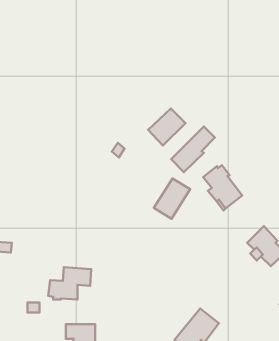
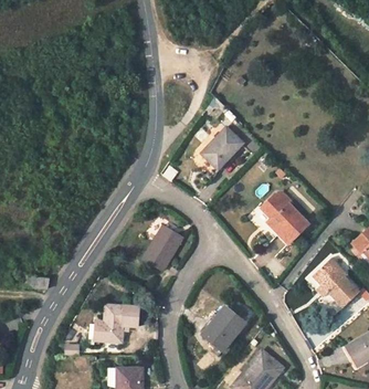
building: [171,127,215,172] -> none
building: [154,179,190,219] -> [141,224,182,270]
building: none -> [202,306,242,348]

